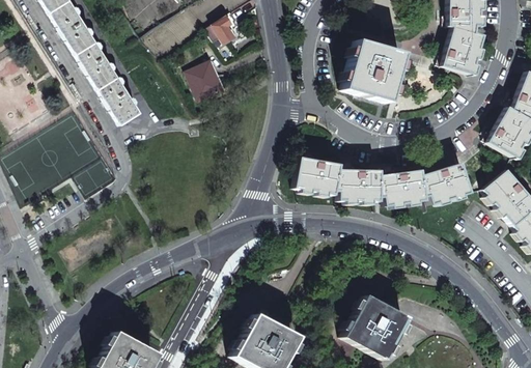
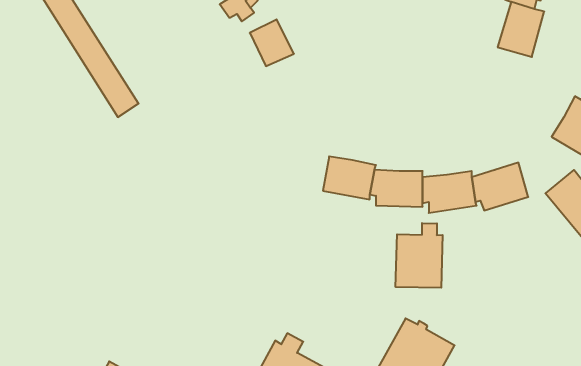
building: [343,40,402,102] -> none
building: [189,60,226,100] -> [250,19,294,66]
building: none -> [396,223,443,288]

